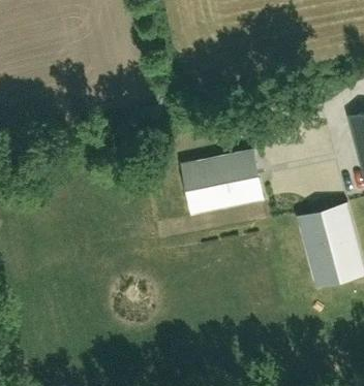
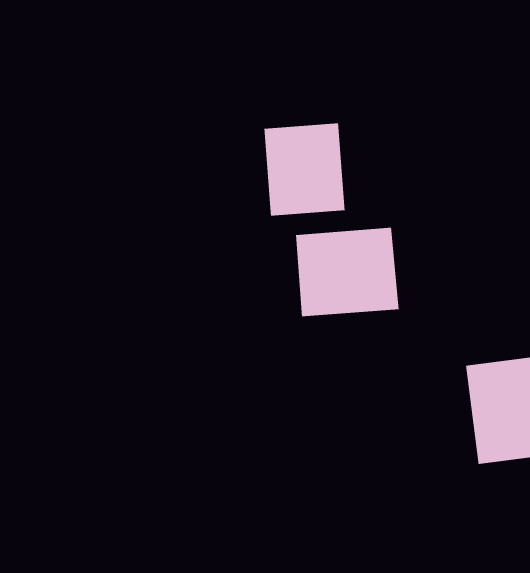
building: none -> [264,123,345,217]

